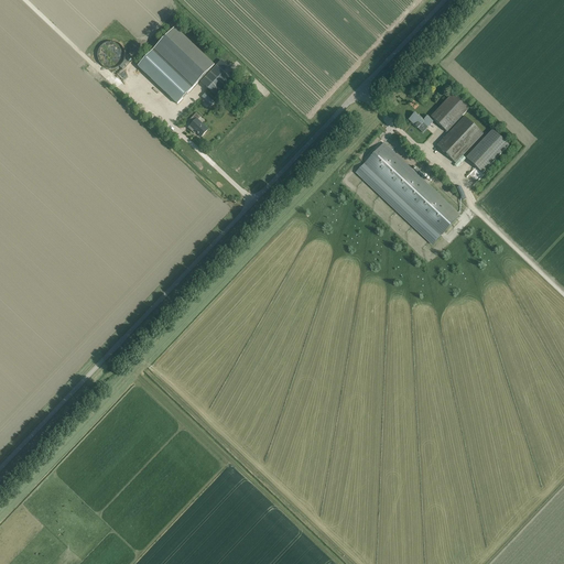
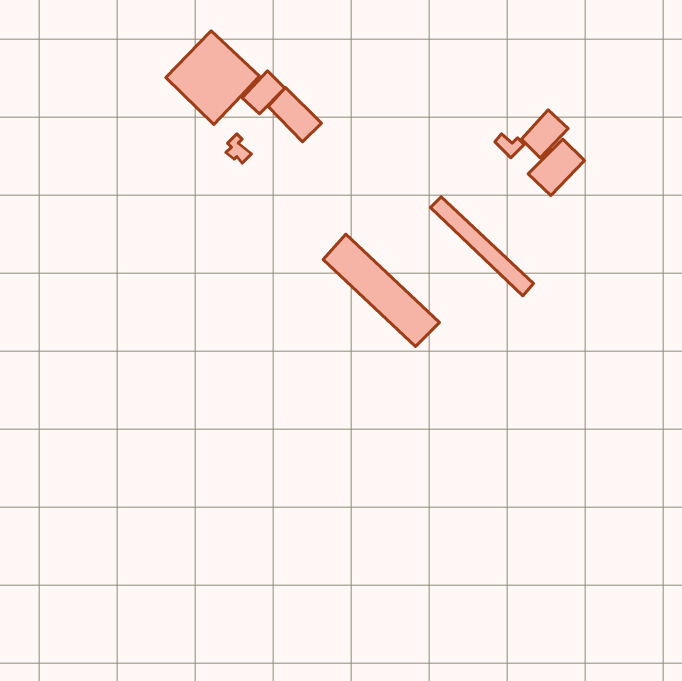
building: none -> [268,88,322,142]
building: [465,128,508,171] -> none
building: [364,141,459,234] -> [323,234,440,347]

